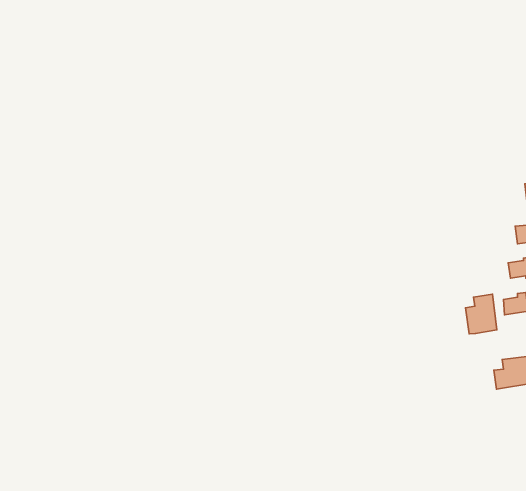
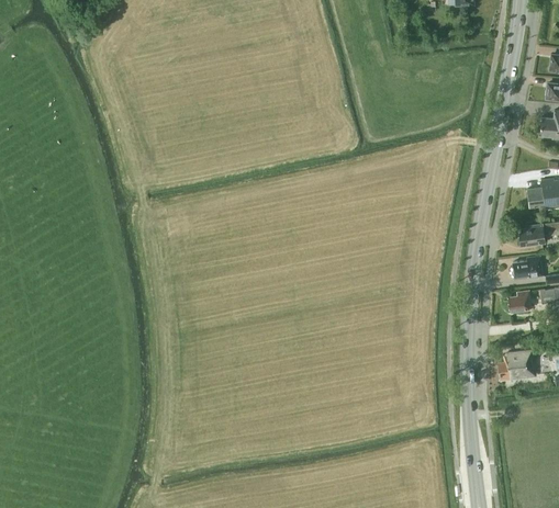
building: [465,294,497,334] -> none

